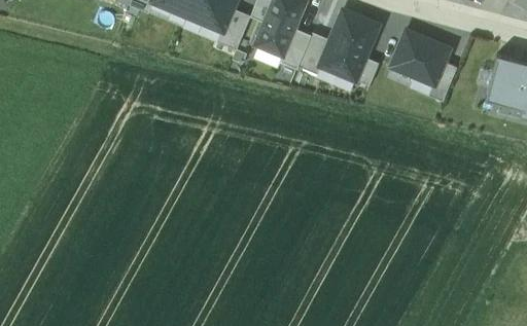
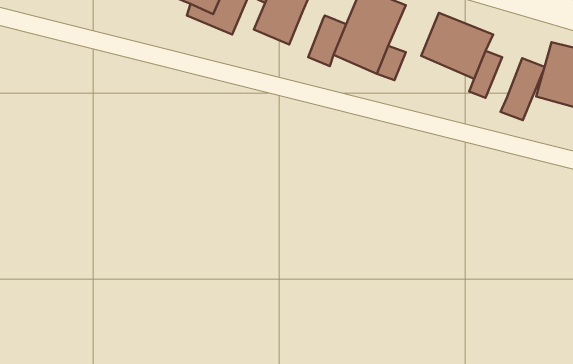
building: [280,29,311,70] -> none
building: none -> [501,58,545,120]

